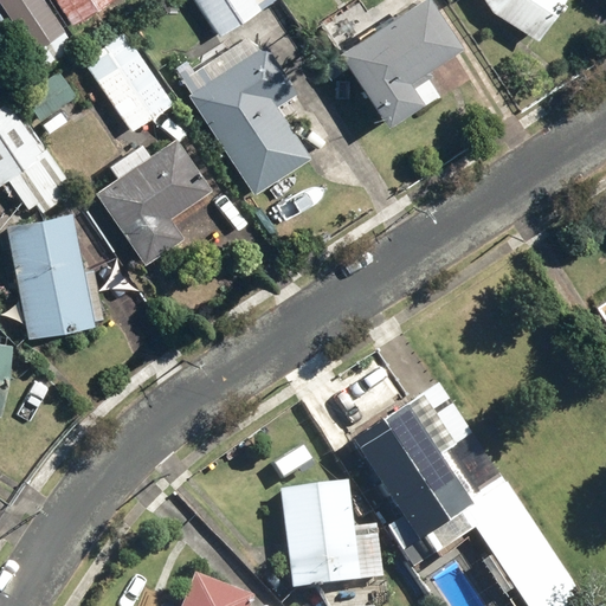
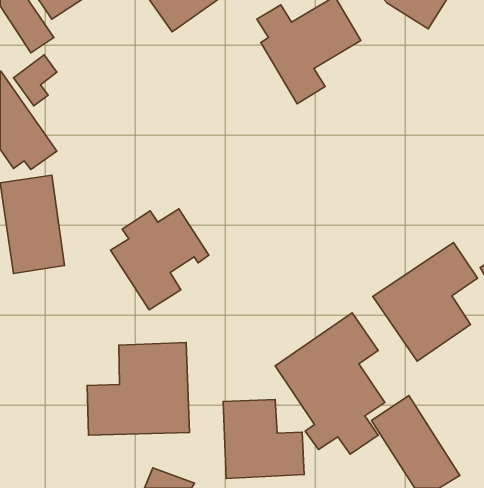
building: [84,24,180,130] -> none
building: [186,41,305,194] -> none
building: [96,140,217,264] -> [111,209,209,310]
building: none -> [373,242,478,361]
building: none -> [87,343,190,435]

